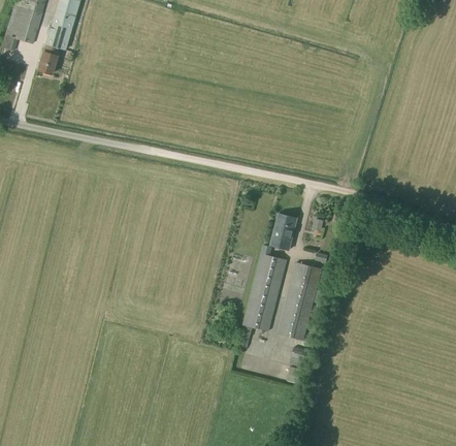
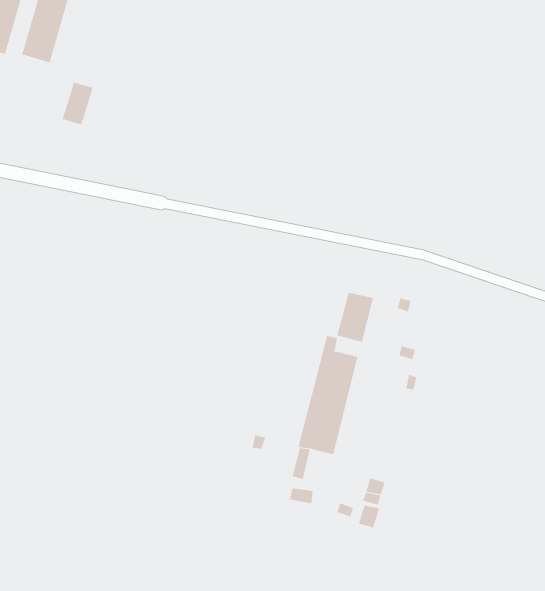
building: [38,42,61,73] -> [62,82,93,125]
building: [280,261,323,339] -> none

